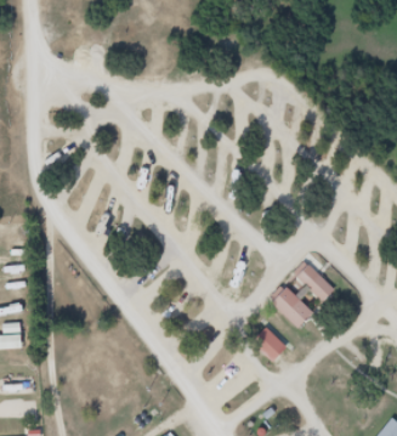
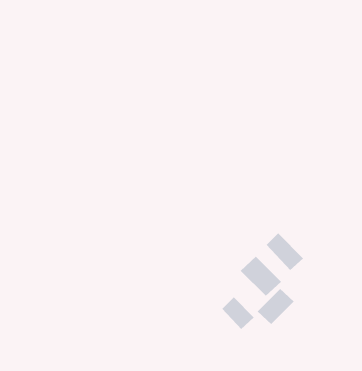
building: none -> [257,288,294,325]

